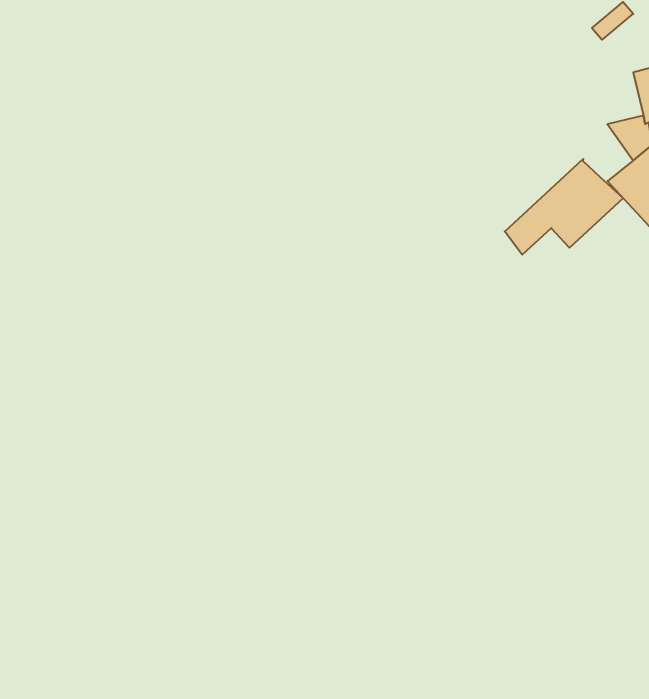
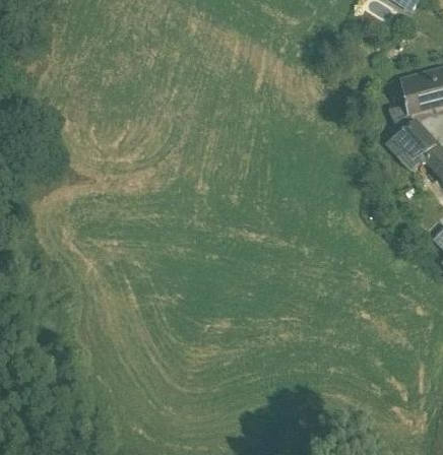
building: [505,159,623,255] -> none

